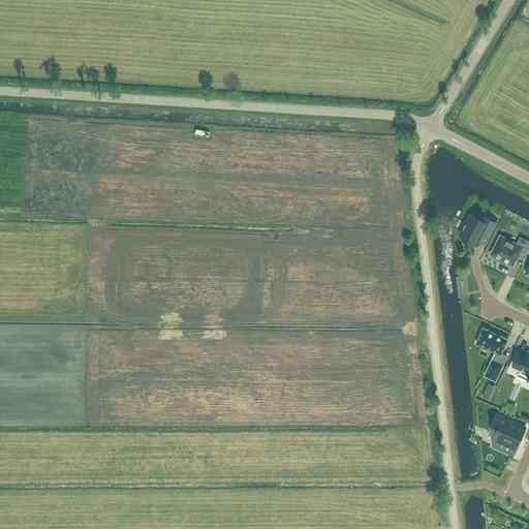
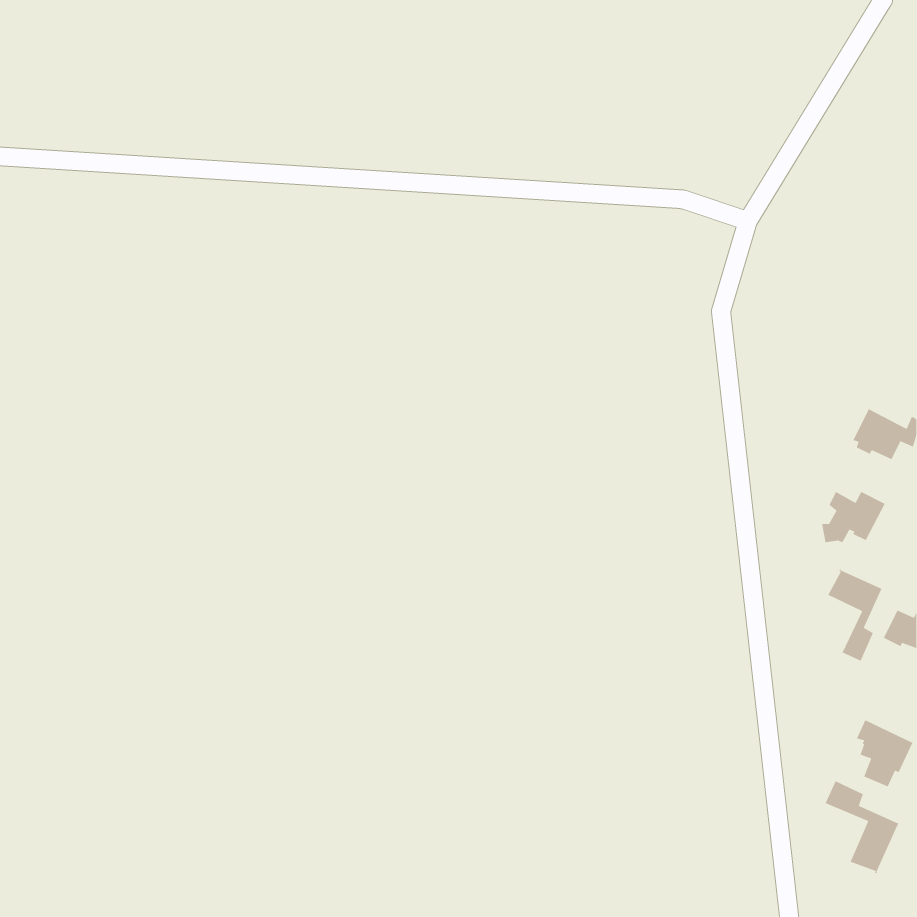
building: [460,215,497,245] -> [821,491,886,543]
building: none -> [825,780,900,874]

